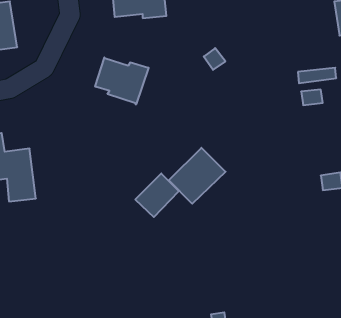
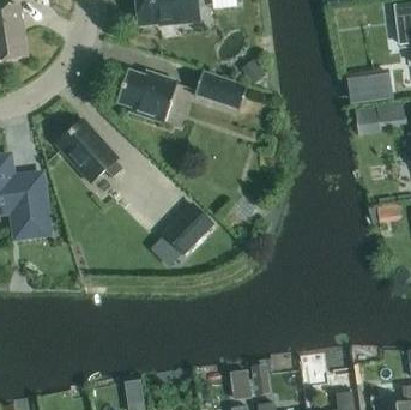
building: none -> [194,71,248,110]
building: none -> [56,120,123,182]
building: [169,148,226,204] -> none

